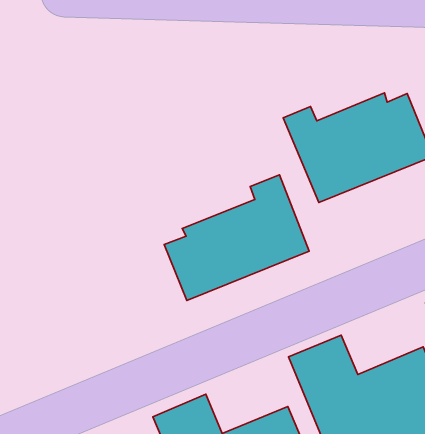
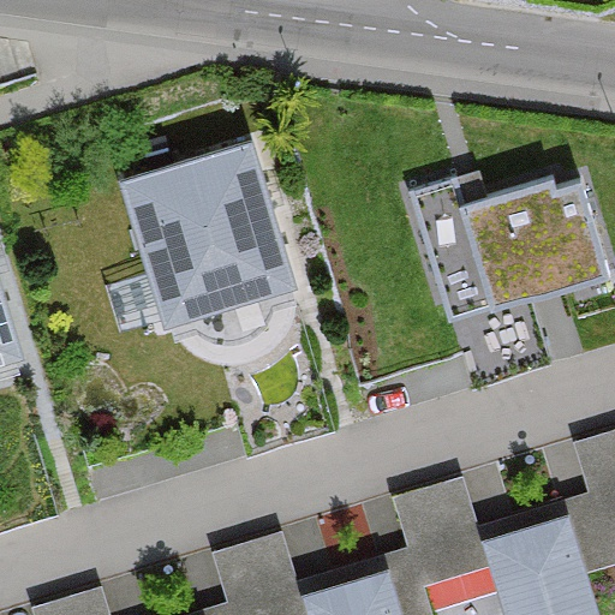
building: none -> [125,151,300,329]
building: [164,175,309,301] -> none

